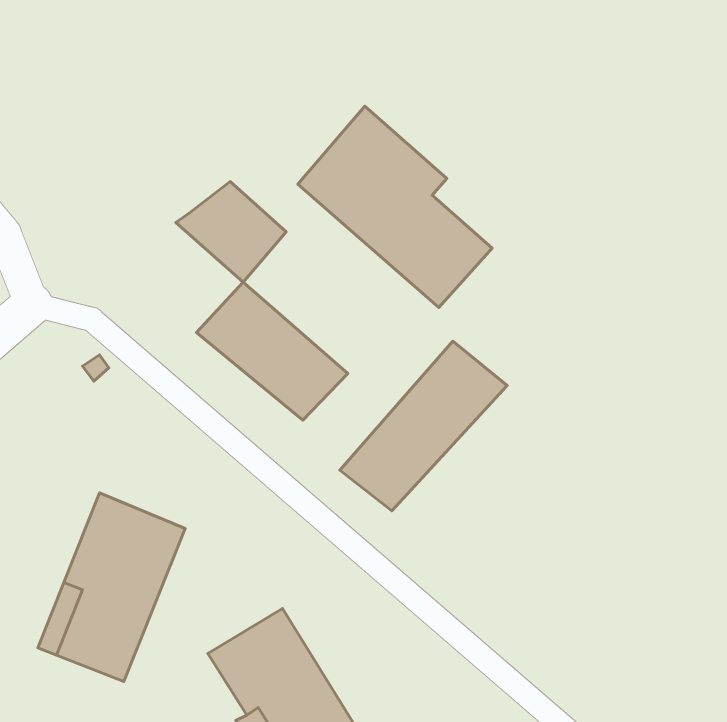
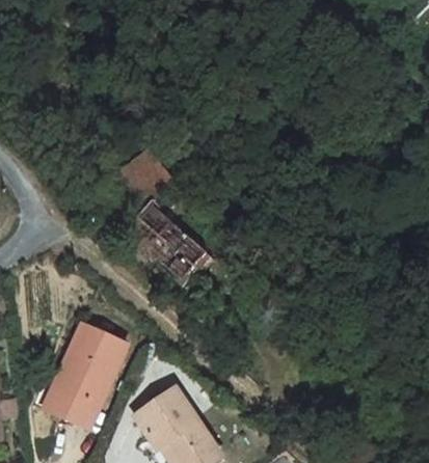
building: [298,106,492,308] -> none
building: [340,341,507,511] -> none

